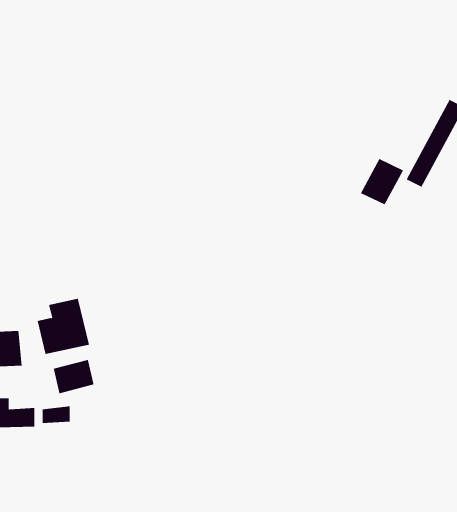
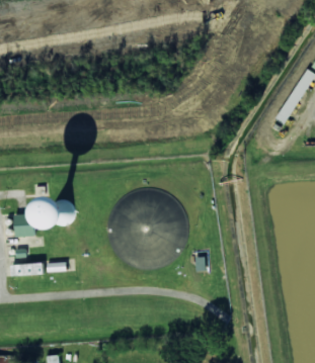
building: [360,158,404,205] -> none
building: [53,359,94,394] -> none

